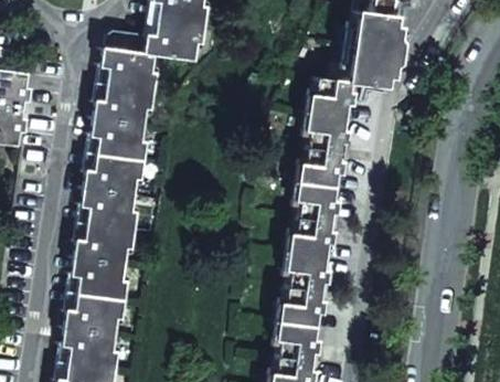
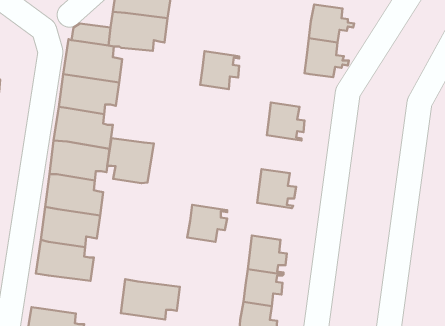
building: [315,78,355,118] -> [200,51,239,89]
building: [305,148,347,188] -> none
building: none -> [107,138,154,183]
building: [295,219,337,257] -> [187,205,227,242]
building: [64,293,126,335] -> [121,279,180,319]

